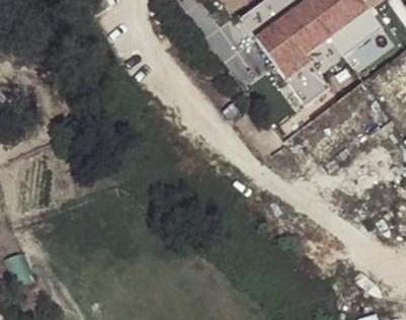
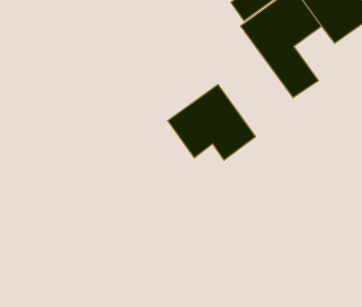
building: none -> [168,85,255,160]

